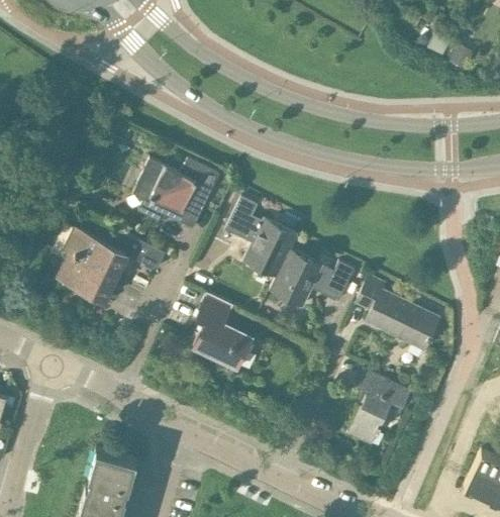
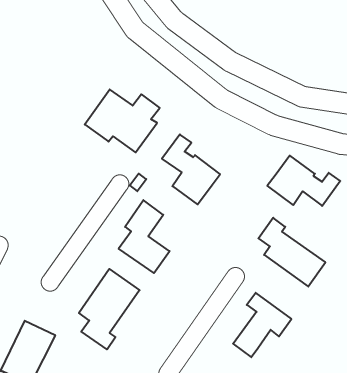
building: [57,229,166,301] -> none
building: [270,250,355,308] -> [267,156,340,206]
building: none -> [79,269,140,349]

